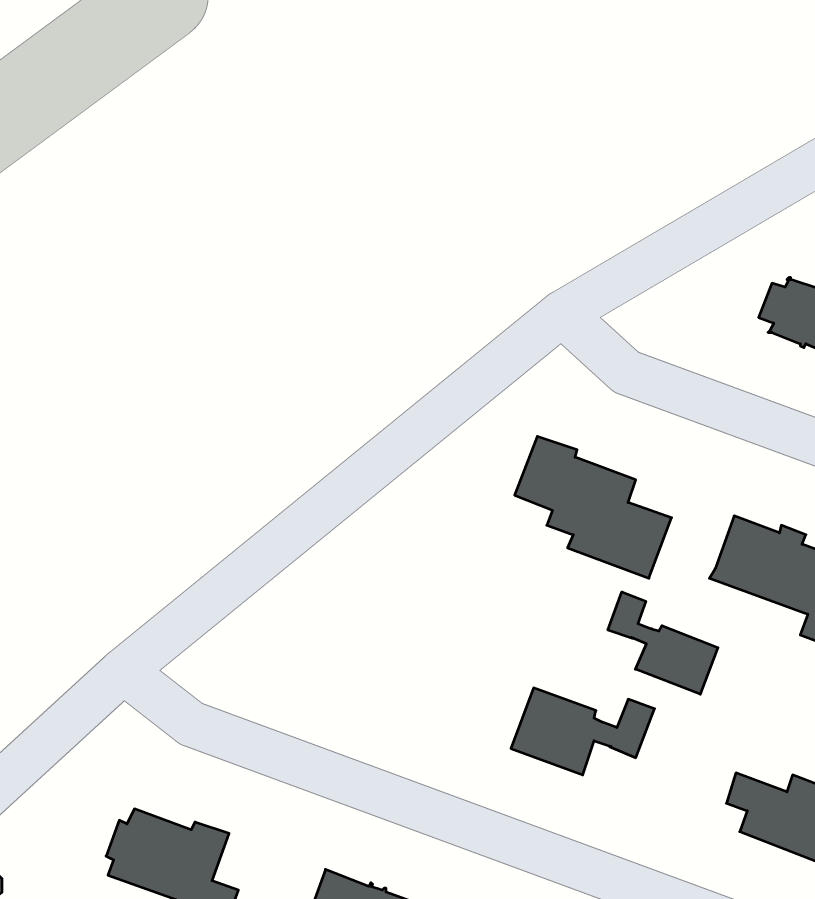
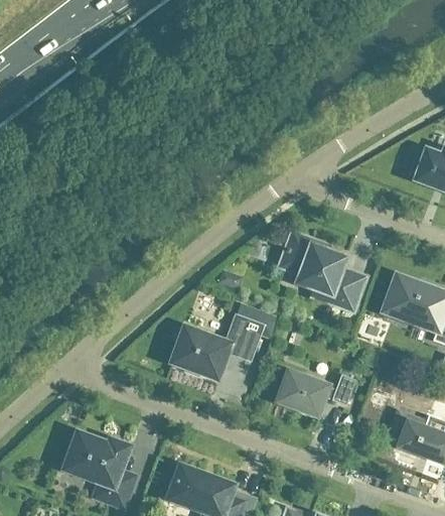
building: none -> [172,314,265,379]
building: [608,592,718,694] -> none

